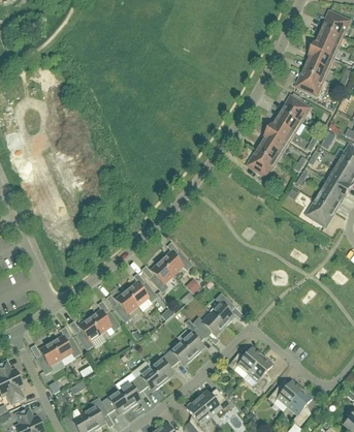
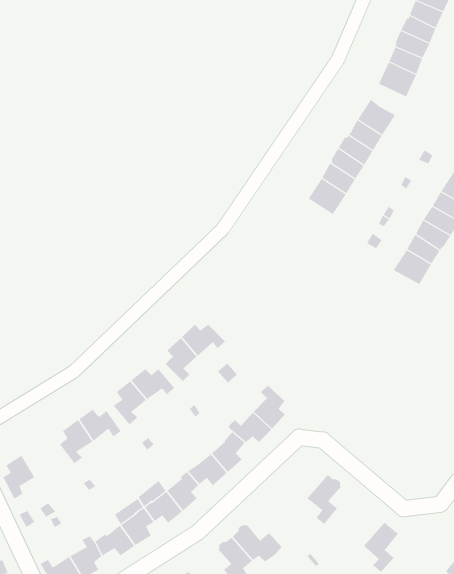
building: [50,335,79,358] -> none
building: [228,346,261,372] -> none
building: [267,380,300,405] -> none

